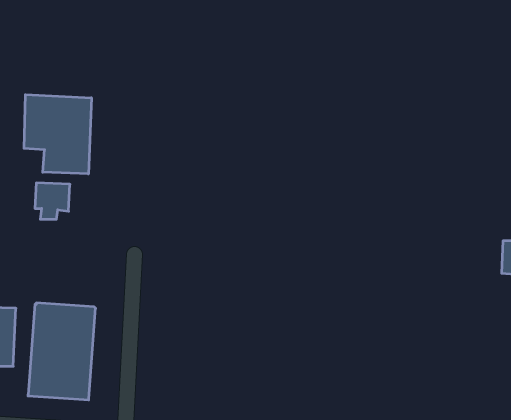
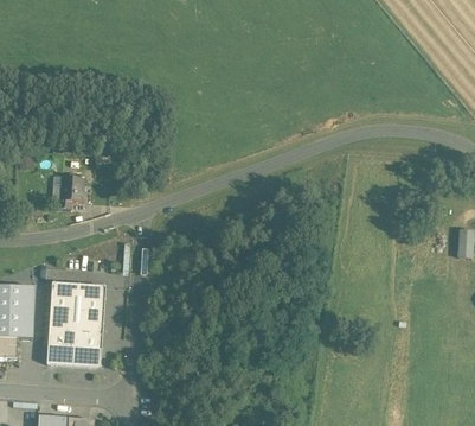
building: [24,95,91,174] -> none

